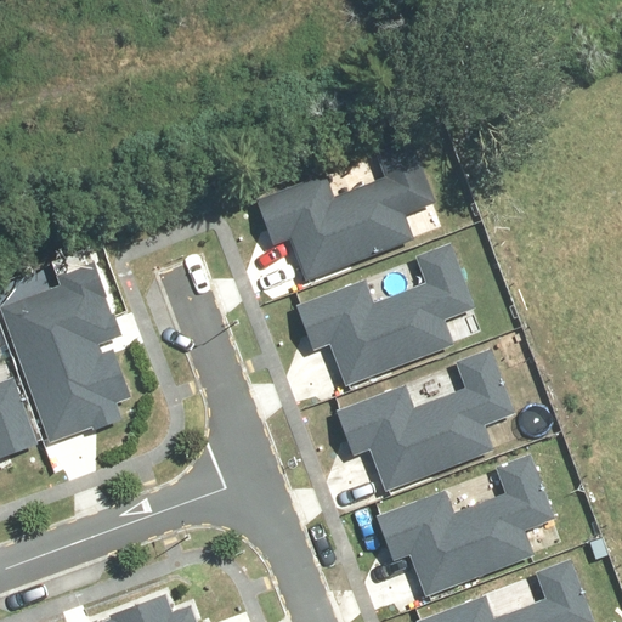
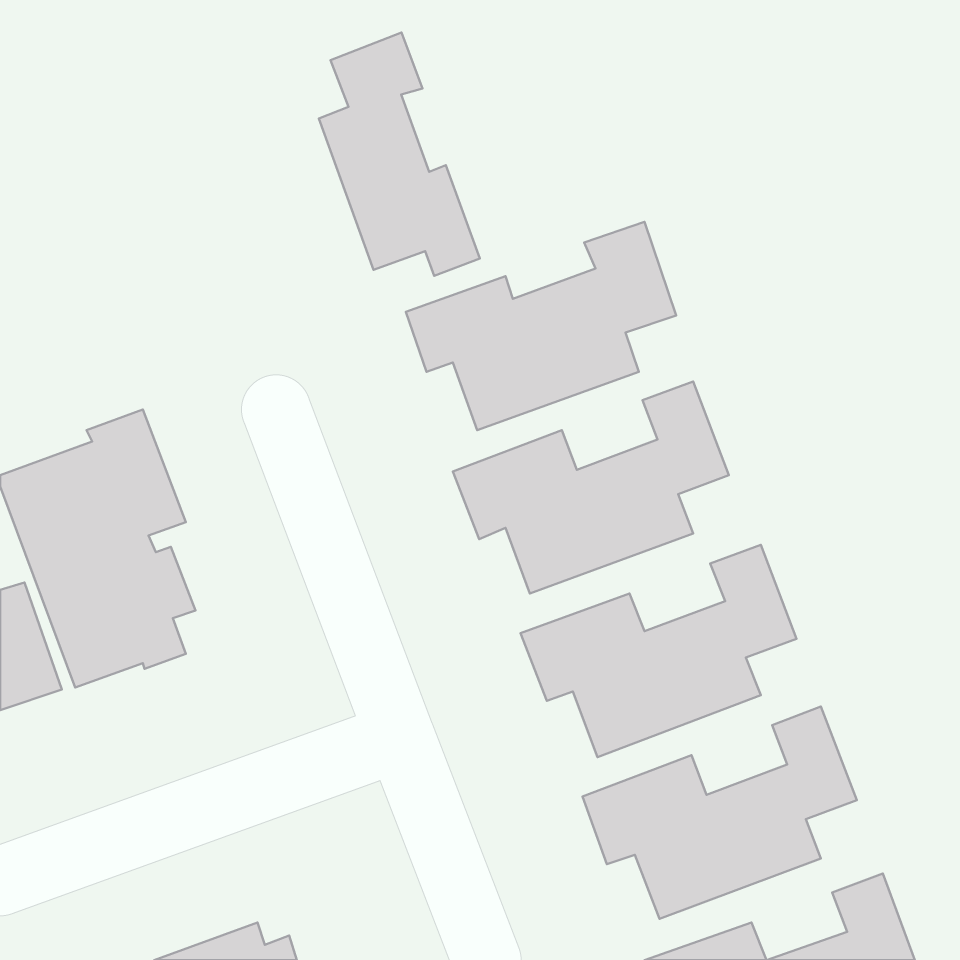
building: none -> [319,33,480,276]

